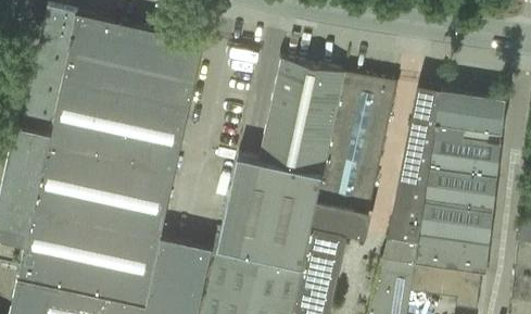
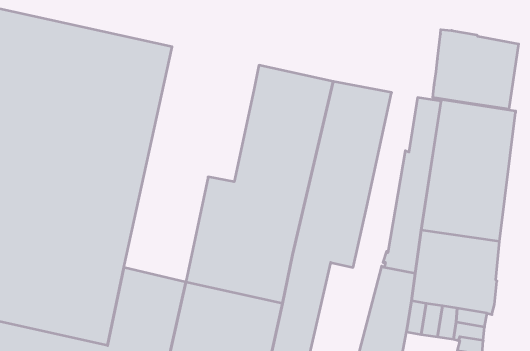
building: none -> [433,30,519,109]

